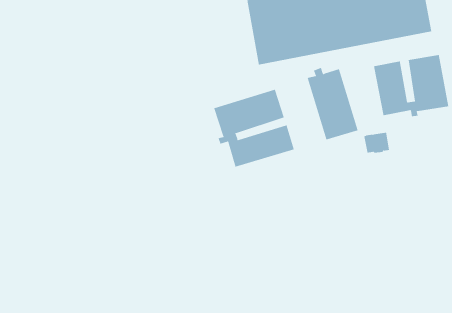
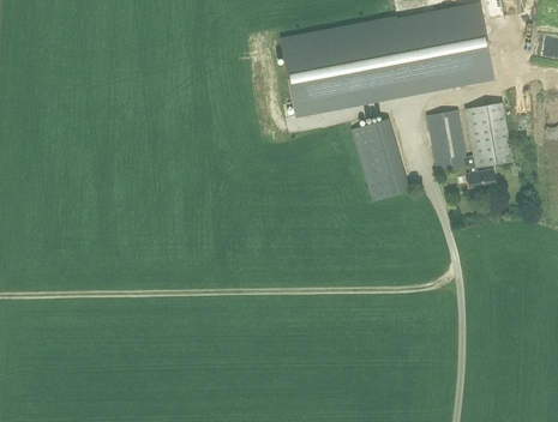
building: [213,89,294,167] -> none
building: [364,132,390,153] -> [467,169,497,193]

